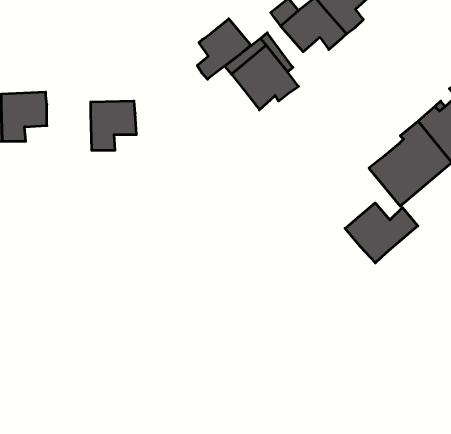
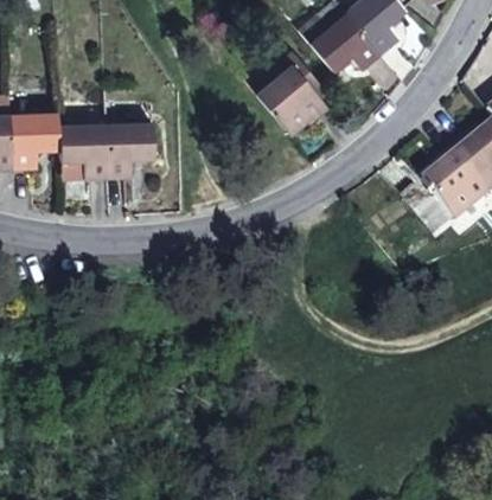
building: [197,19,251,79] -> none
building: none -> [62,126,109,178]
building: [345,203,418,263] -> none

